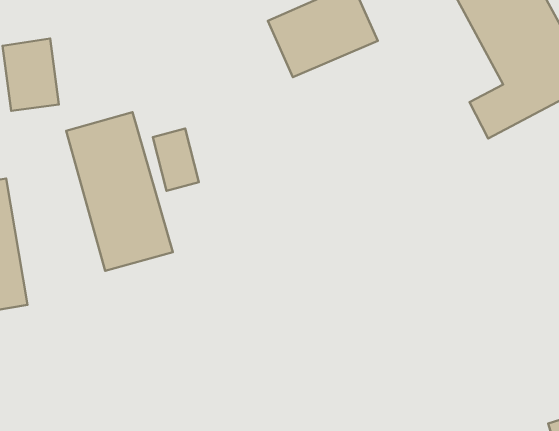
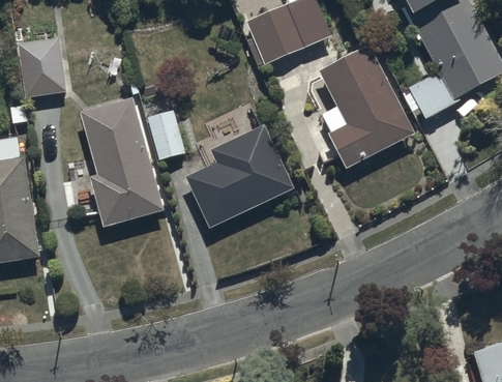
building: none -> [319,45,416,169]
building: none -> [181,124,295,229]

